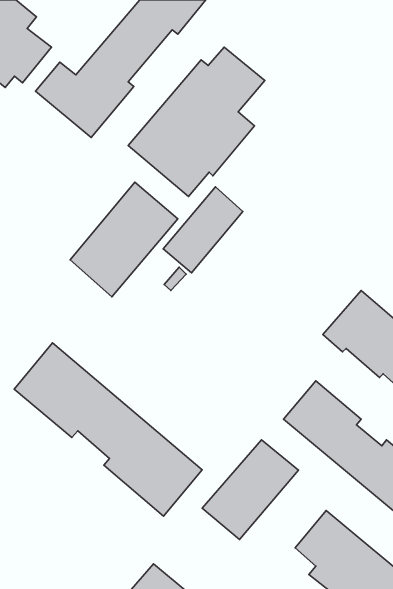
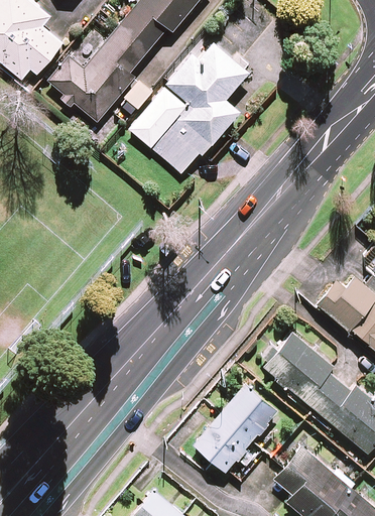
building: [70,182,178,297] -> none
building: [163,187,243,273] -> none
building: [14,343,202,516] -> none

